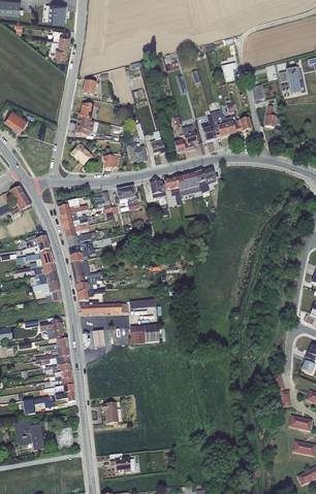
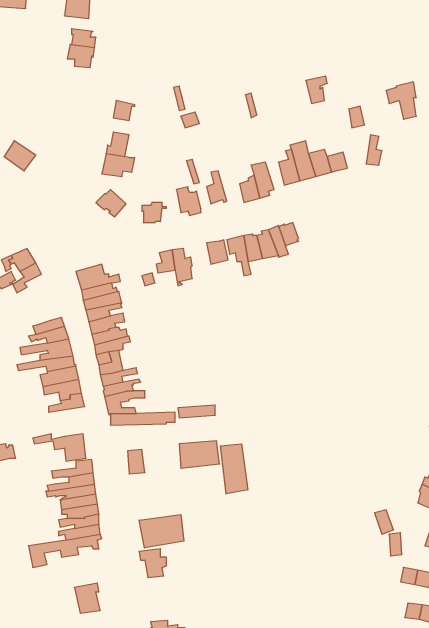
building: none -> [221,444,248,494]
building: none -> [139,515,184,548]
building: [13,420,44,452] -> none

